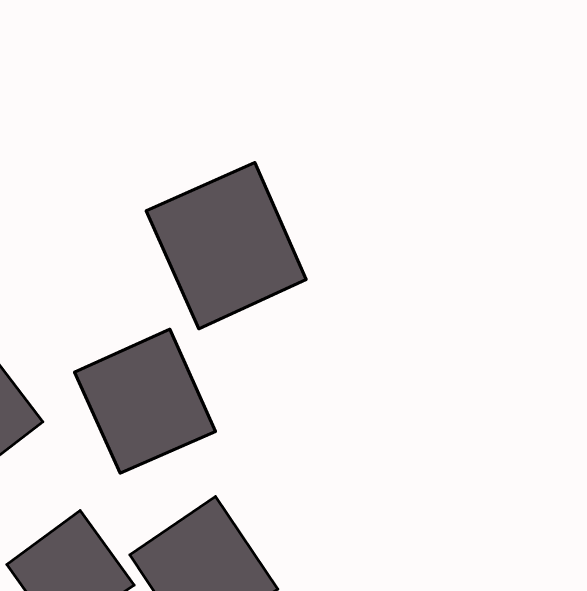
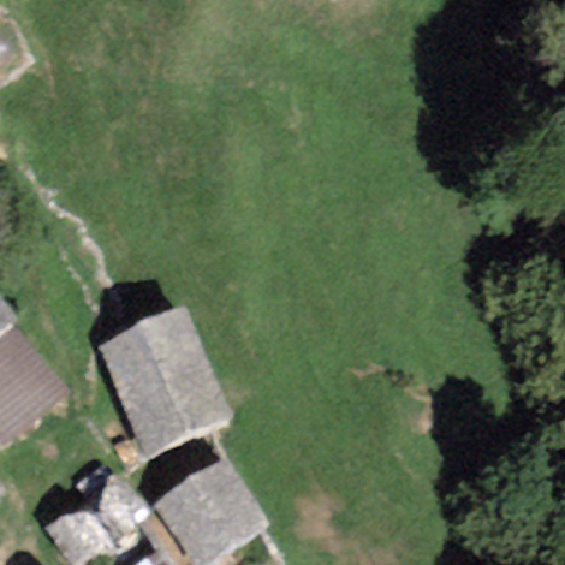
building: [146,163,306,329] -> none

